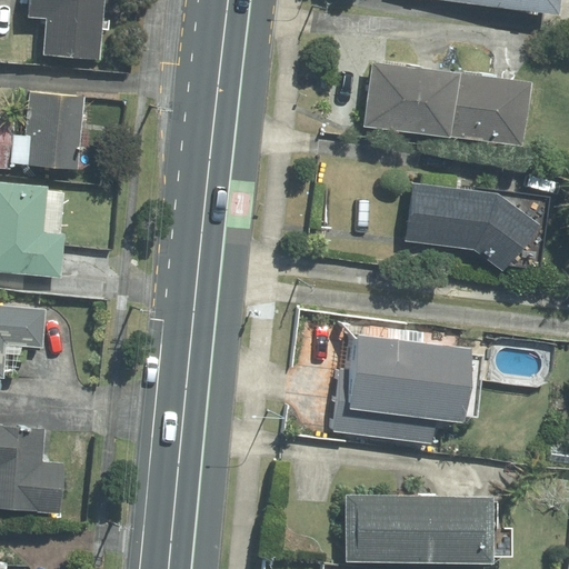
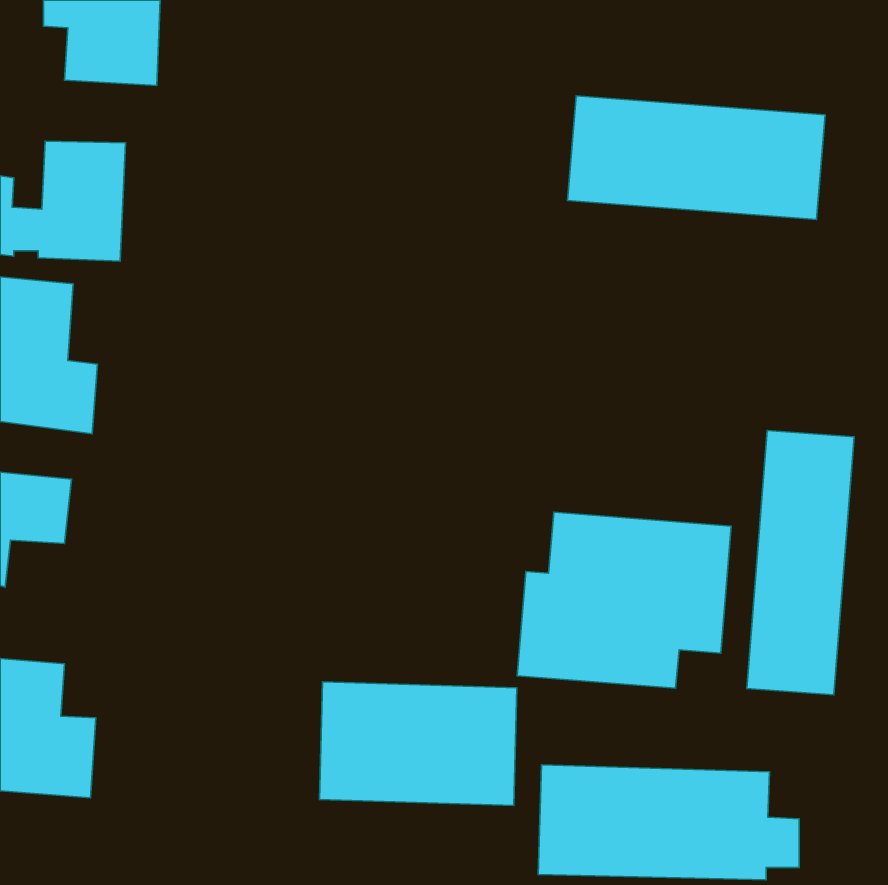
building: [405,181,537,271] -> none
building: none -> [747,431,854,695]
building: none -> [319,682,517,805]

